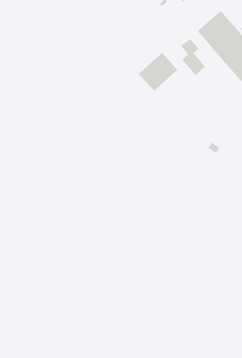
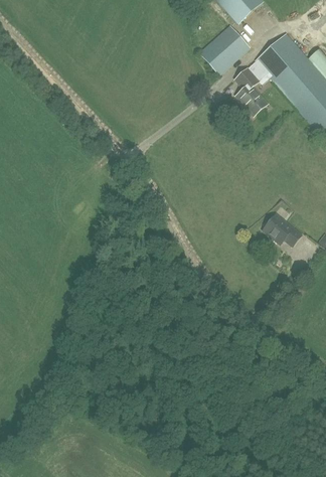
building: [138,52,178,91] -> [199,25,250,74]
building: none -> [263,213,301,246]

